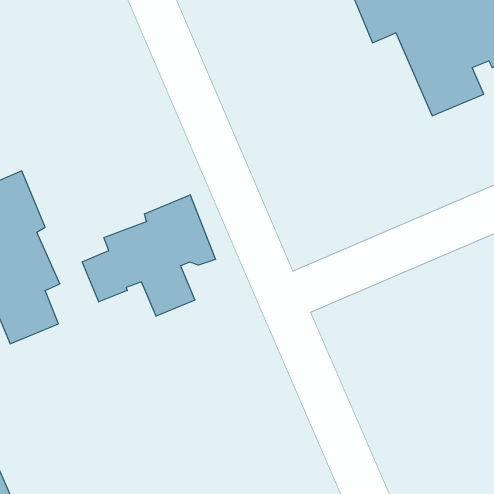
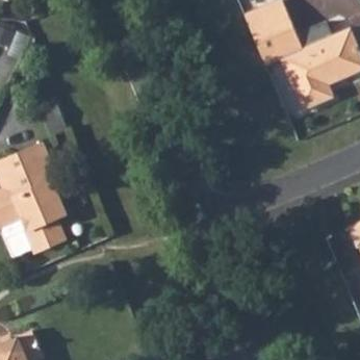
building: [82,195,216,316] -> none

